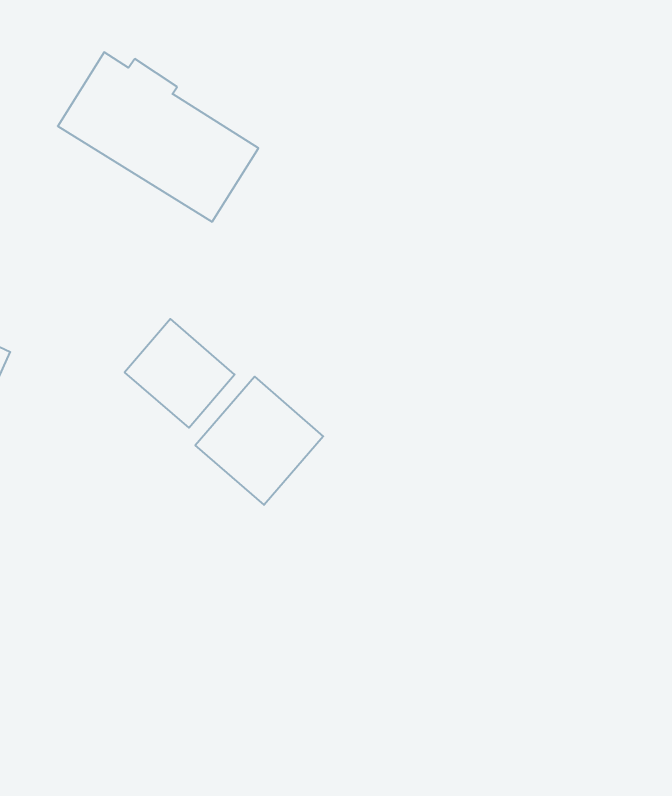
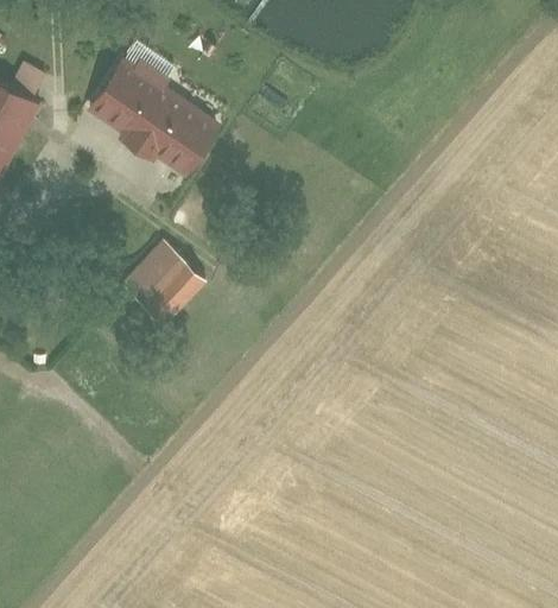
building: [195,377,323,505] -> none

